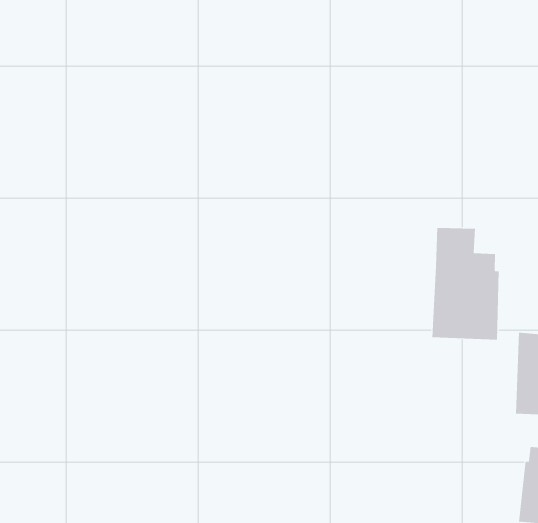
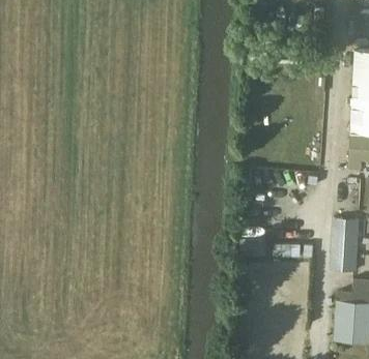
building: [432,227,499,340] -> none

